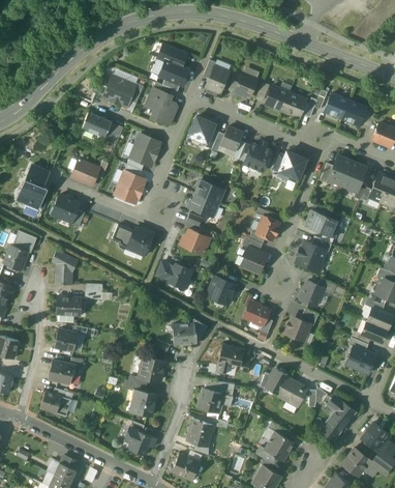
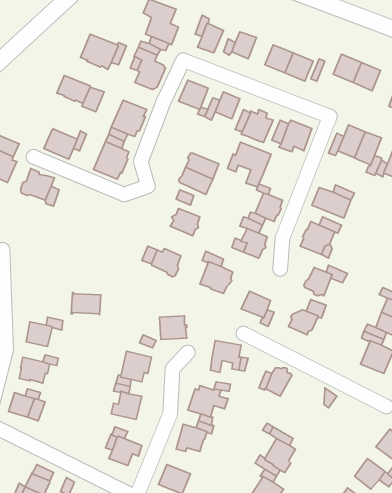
building: none -> [227,142,271,187]
building: [112,224,153,255] -> none
building: [51,251,77,284] -> none
building: [55,295,81,315] -> [71,293,101,315]
building: [277,377,307,406] -> none
building: [321,396,355,439] -> none

